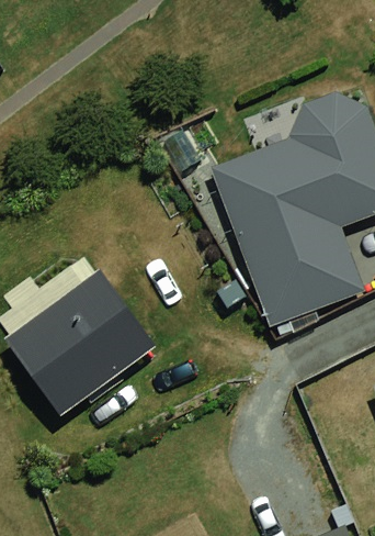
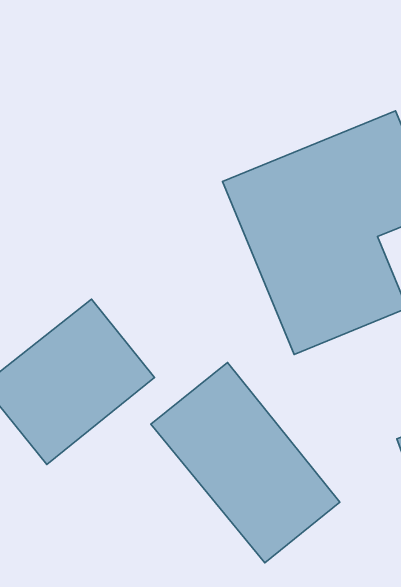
building: none -> [151,362,340,563]

